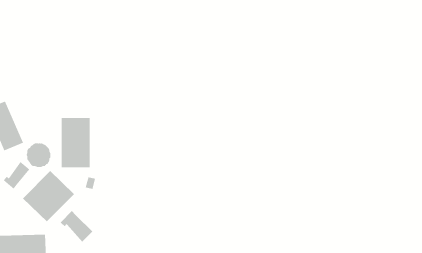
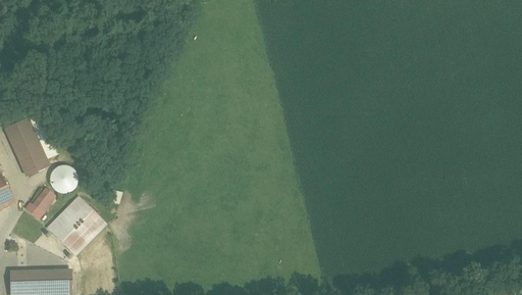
building: [61,117,90,168] -> none
building: [60,210,93,242] -> none

